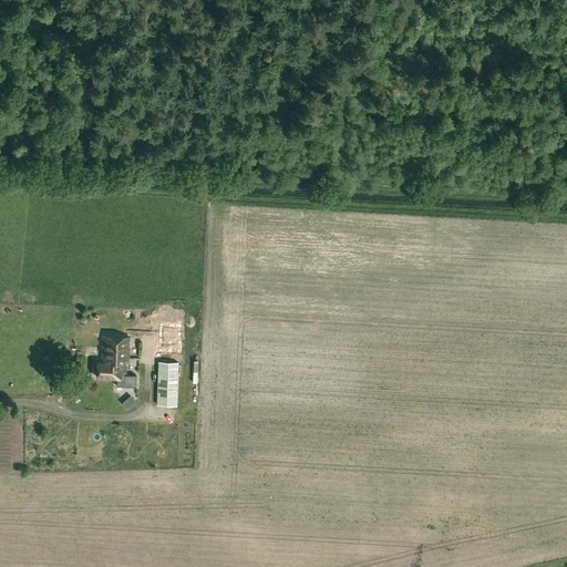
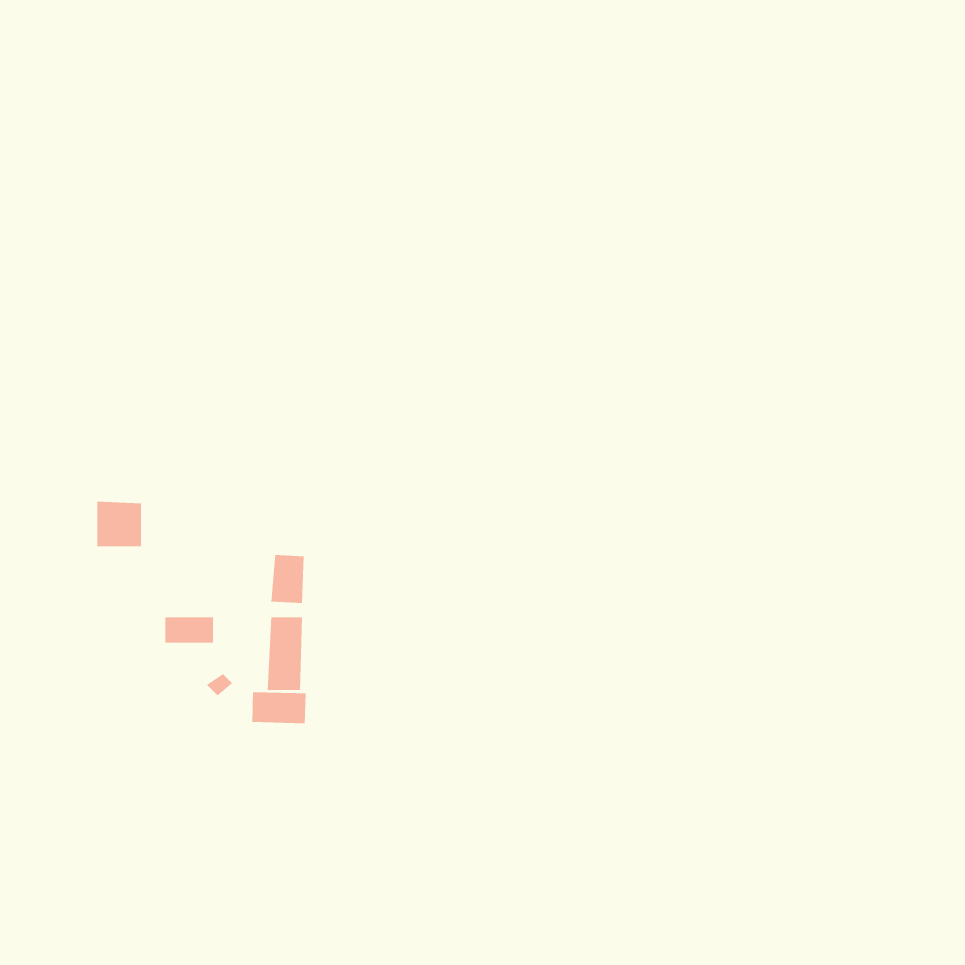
building: [103,334,130,361] -> [97,501,142,547]
building: none -> [252,691,306,724]

